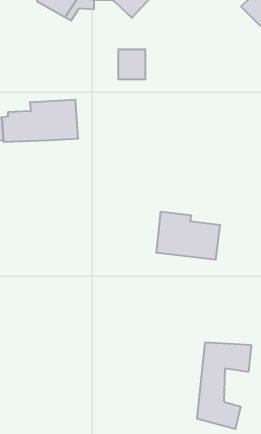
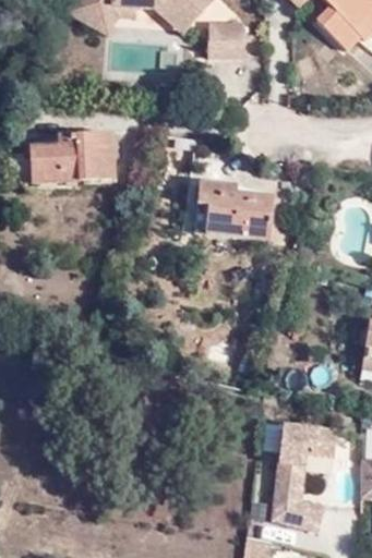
building: [118,49,146,79] -> [211,15,244,52]
building: [156,212,220,259] -> [195,180,275,239]

